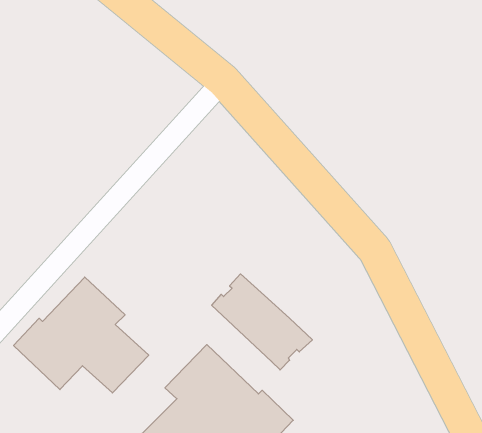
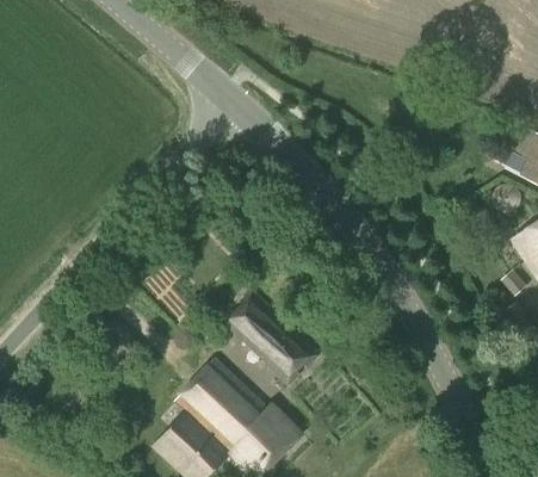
building: [14,277,149,393] -> none

